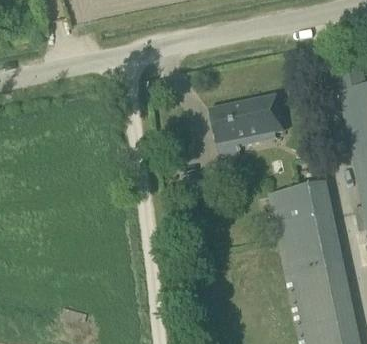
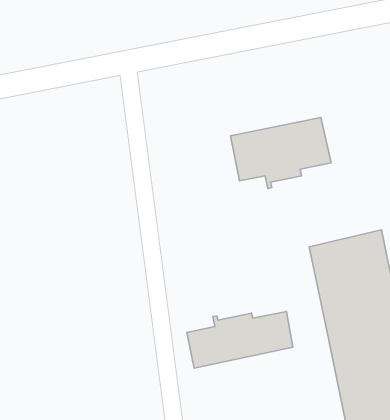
building: none -> [187,311,293,368]

